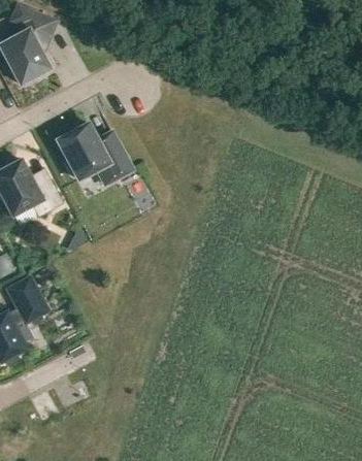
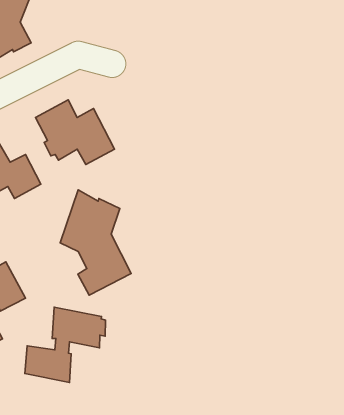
building: none -> [60,190,131,295]
building: none -> [25,307,106,383]

